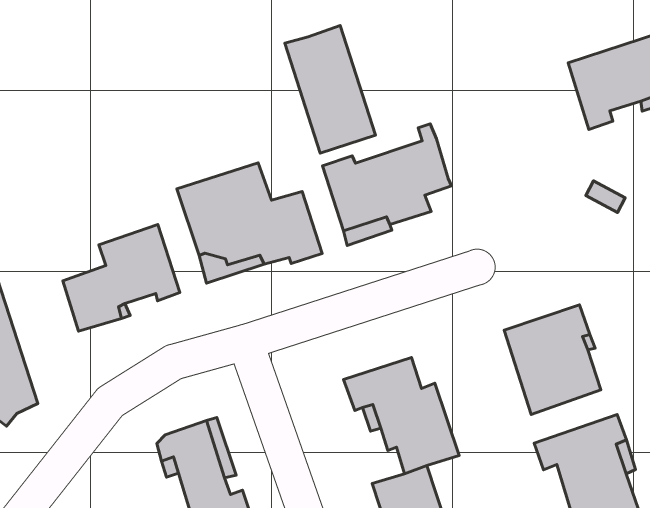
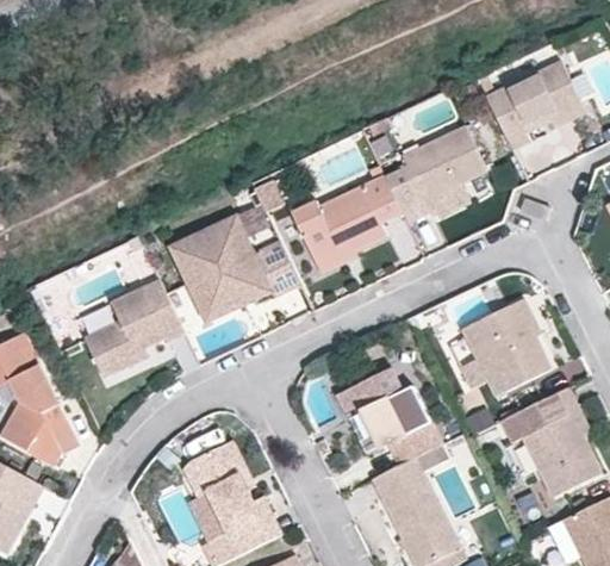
building: [285,26,375,153] -> none
building: none -> [384,125,486,209]

